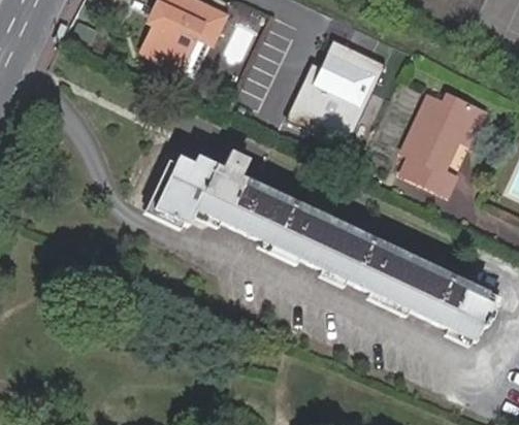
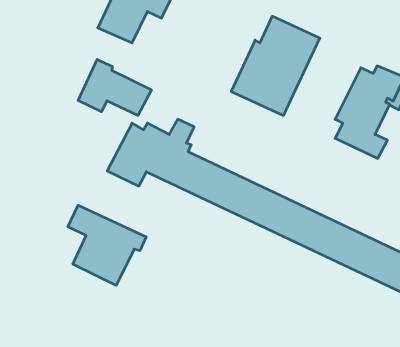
building: none -> [78,59,151,115]
building: none -> [68,205,146,285]

